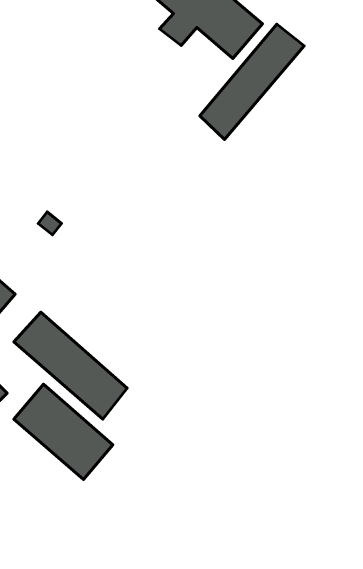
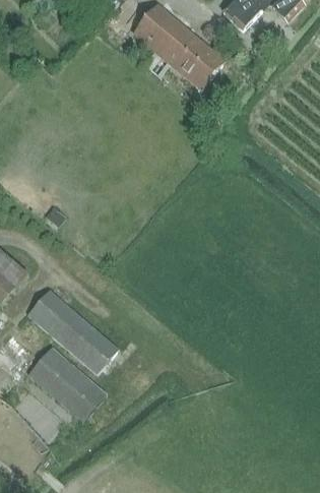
building: [200,24,304,140] -> none

